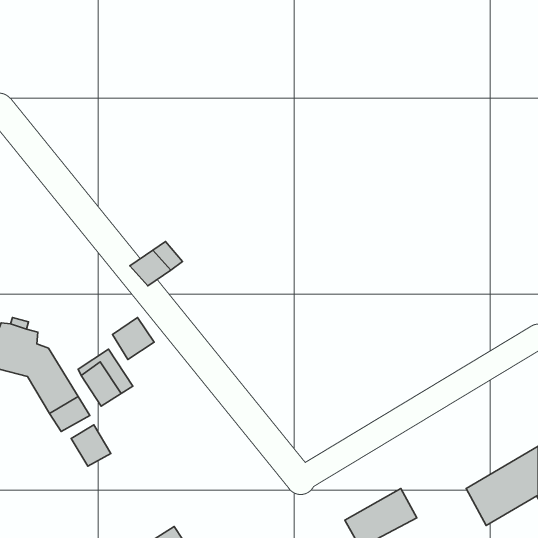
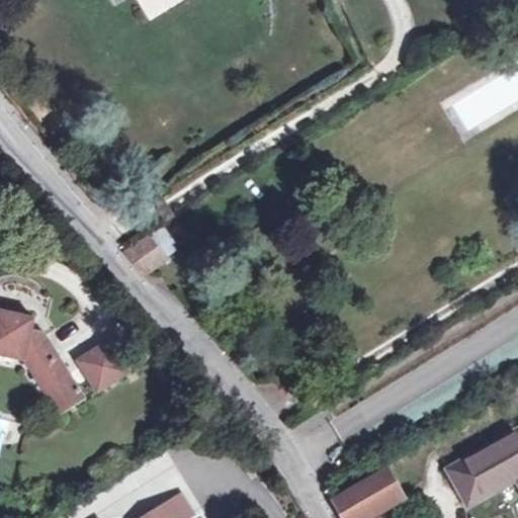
building: [112,318,154,359] -> none
building: [71,425,111,466] -> none

